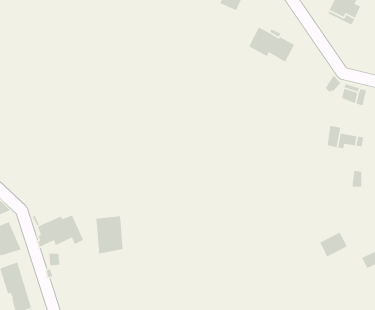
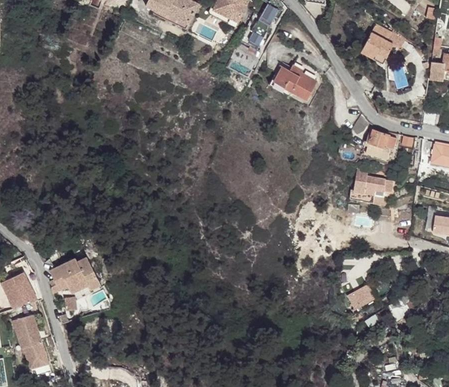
building: [96,216,124,255] -> none

